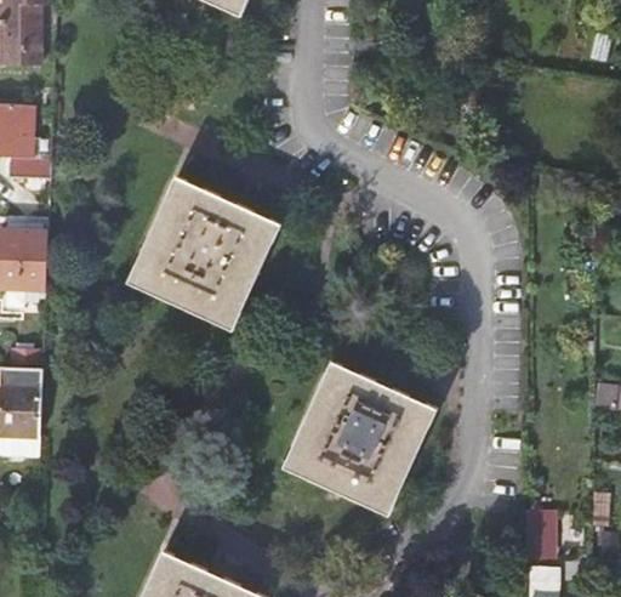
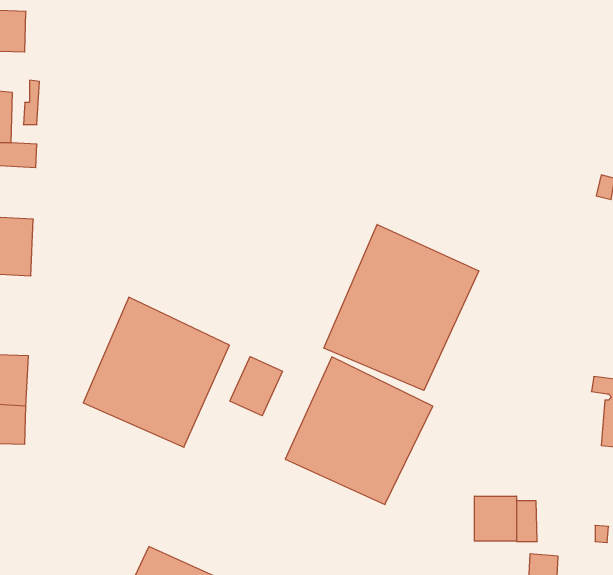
building: [132,178,277,326] -> [83,297,229,447]
building: none -> [324,224,479,390]
building: none -> [230,357,282,416]
building: none -> [474,496,516,541]

